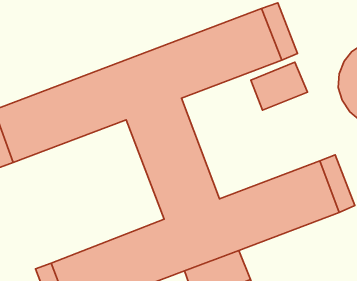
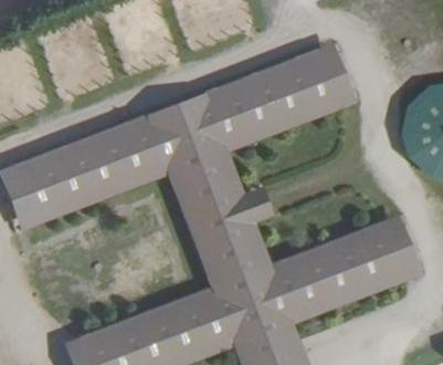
building: [251,62,308,110] -> none

